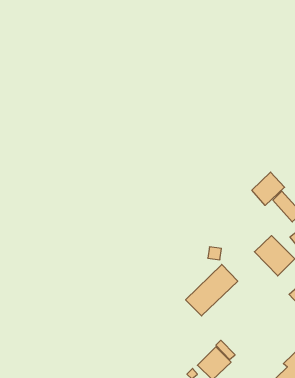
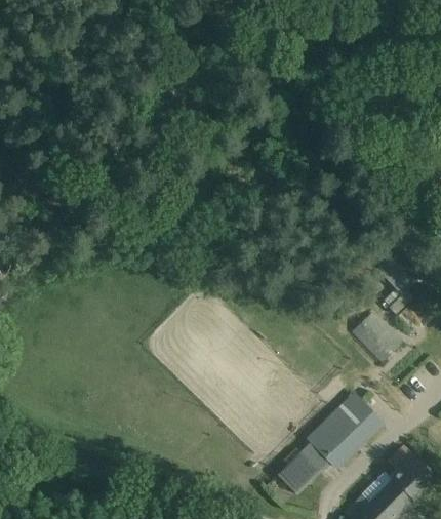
building: [252,172,285,205] -> none
building: [186,264,238,316] -> [315,398,382,464]

